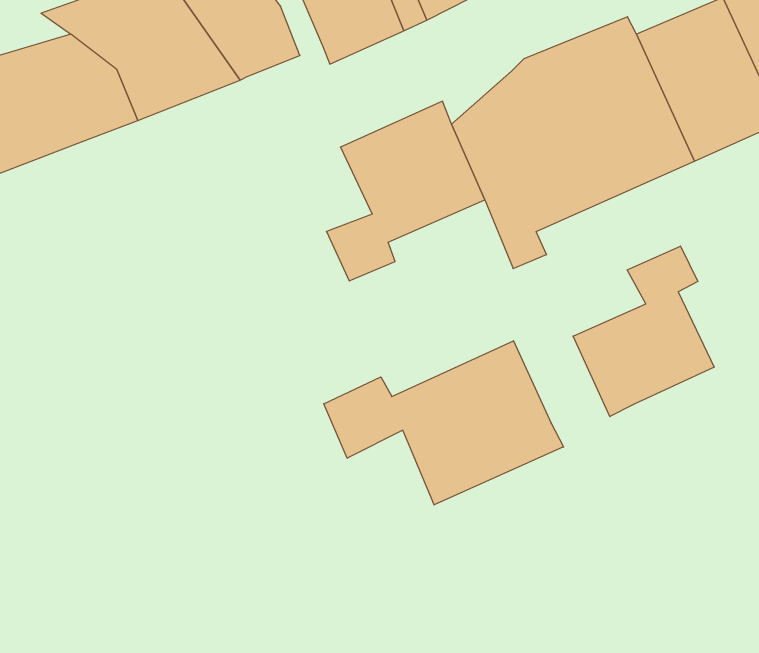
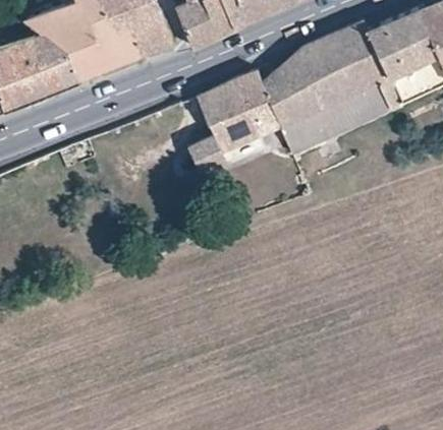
building: [573,246,714,417] -> none
building: [324,341,564,505] -> none

